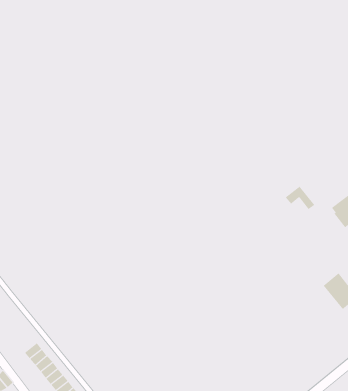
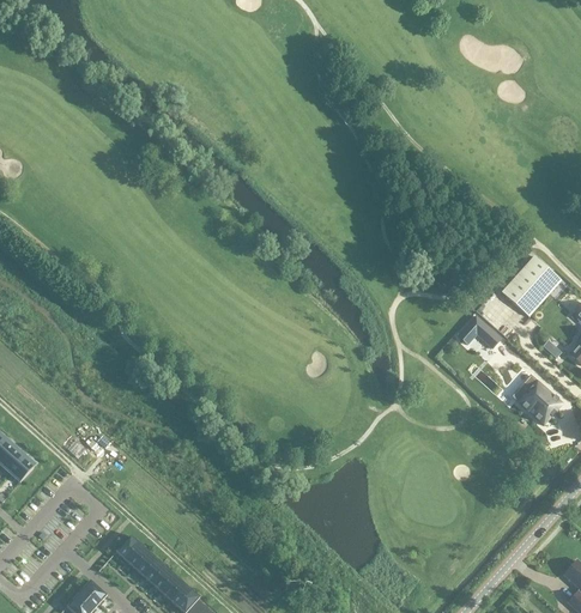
building: [285,186,315,210] -> [458,317,501,348]

